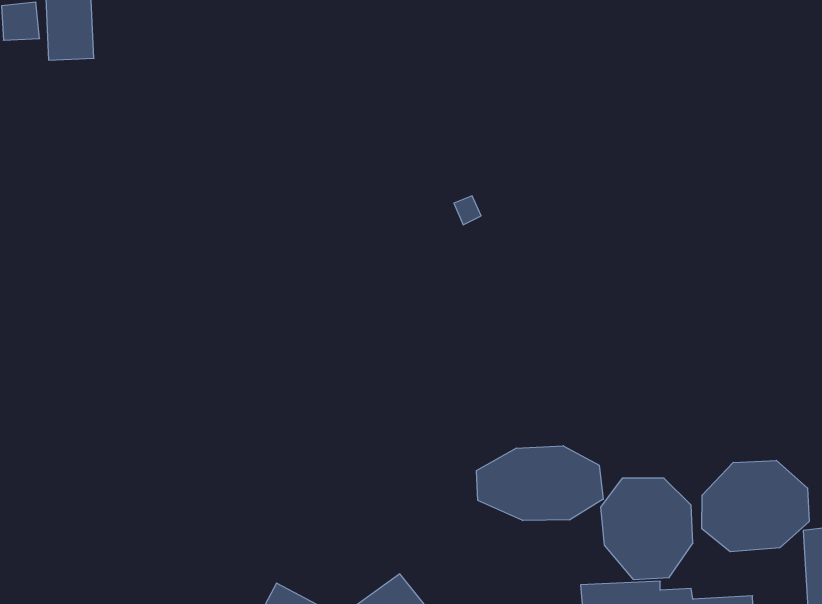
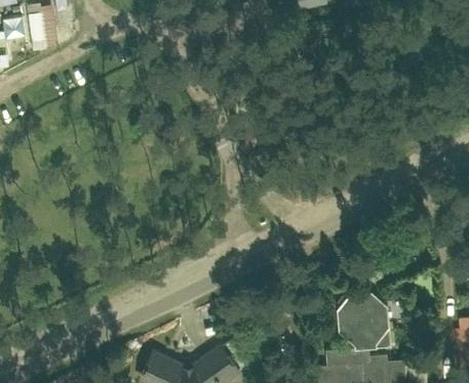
building: [476,446,603,521] -> none
building: [702,460,809,552] -> none

